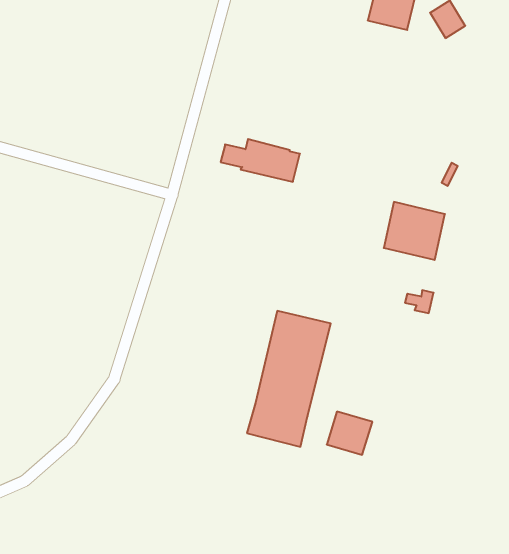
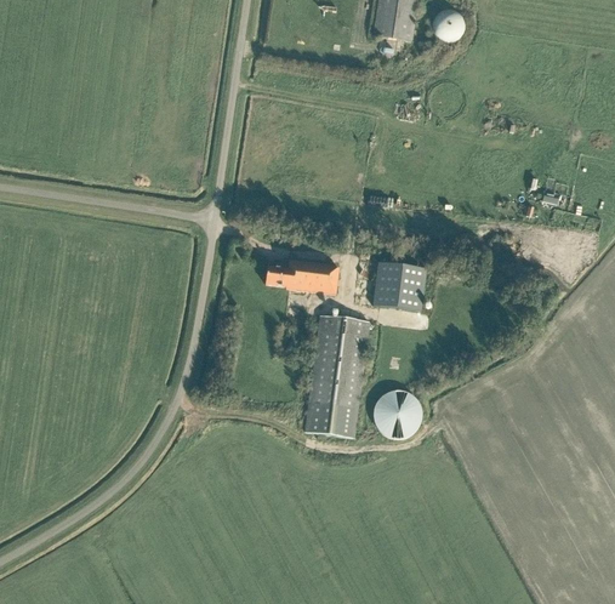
building: [221,139,300,182] -> [264,258,337,294]
building: [384,202,445,260] -> [371,261,425,310]

